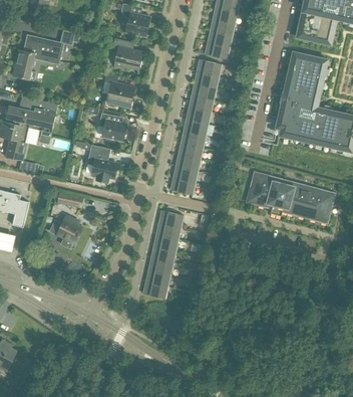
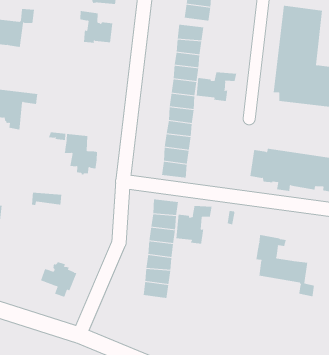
building: [104,73,133,108] -> none
building: none -> [196,71,237,102]
building: [98,113,125,141] -> none
building: [49,216,82,248] -> [40,261,77,297]
building: none -> [176,205,212,244]
building: none -> [256,234,314,297]

